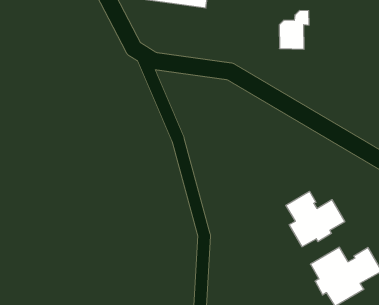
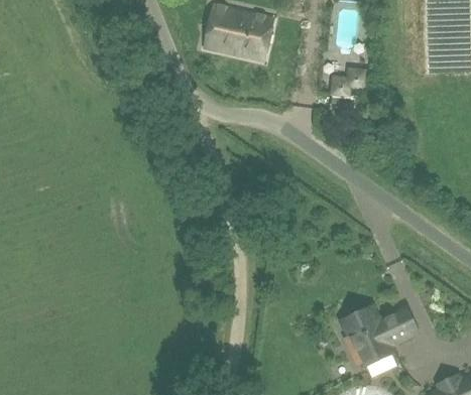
building: [286,191,345,247] -> none

